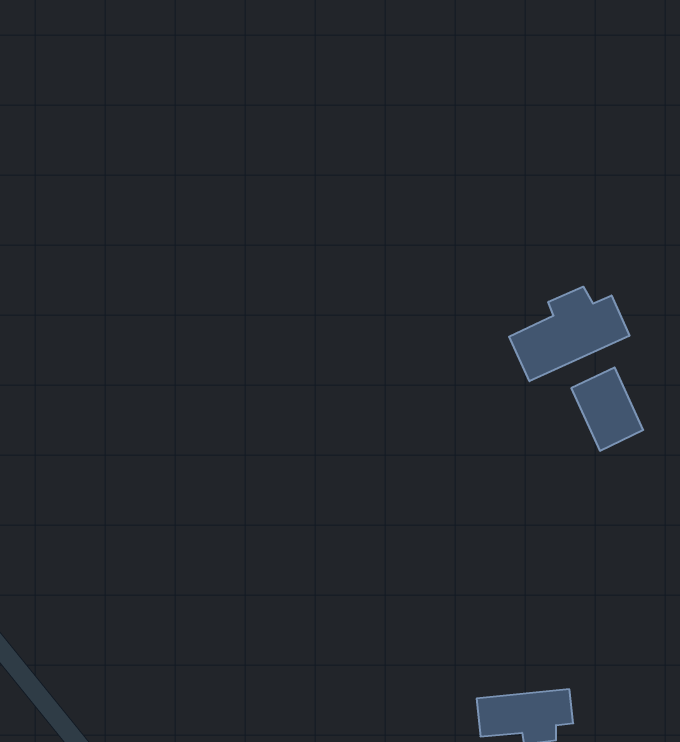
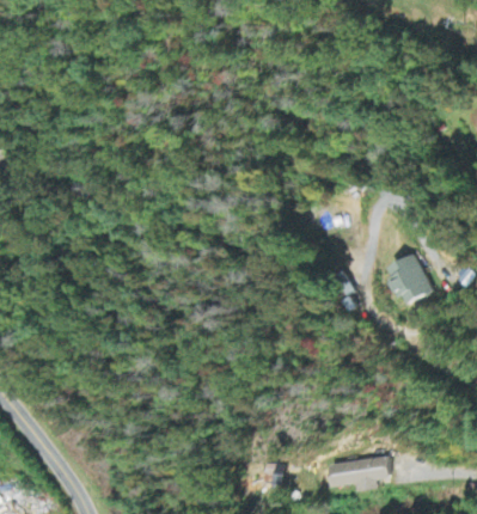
building: [509,287,629,381] -> none

